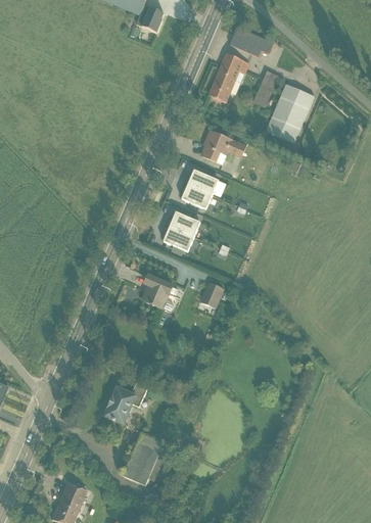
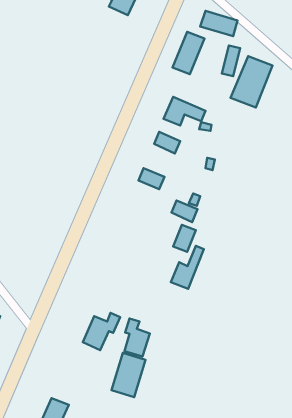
building: [179,184,210,209] -> none
building: [160,227,191,252] -> [171,200,198,222]
building: [139,272,173,310] -> none
building: none -> [171,246,204,289]
building: none -> [125,319,150,357]

